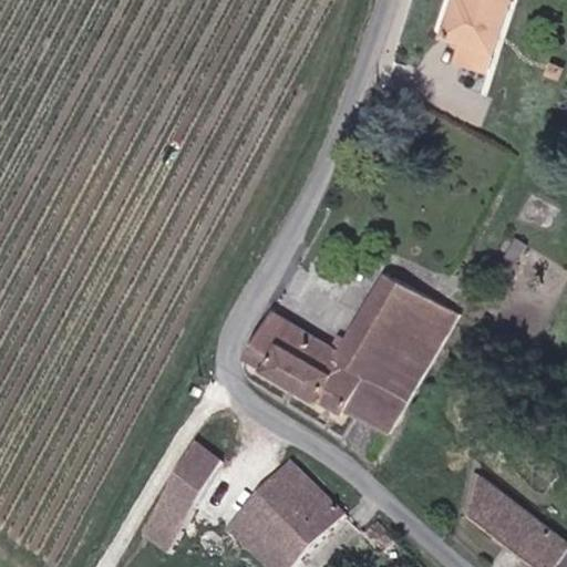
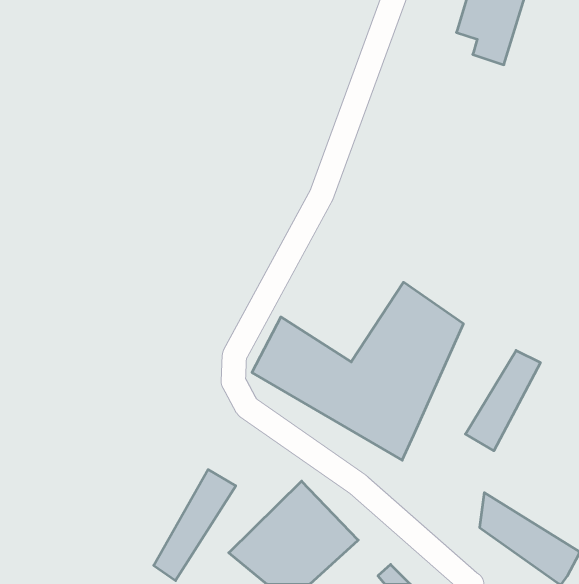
building: none -> [465,350,540,451]

